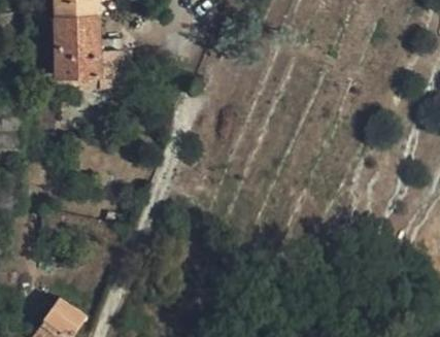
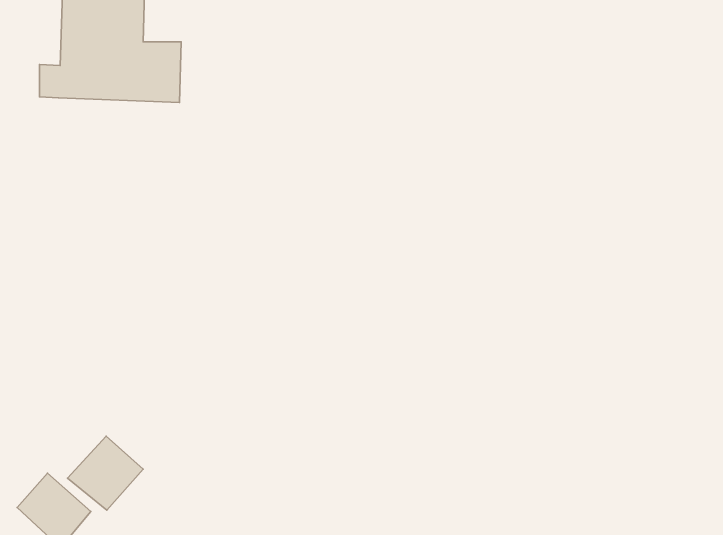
building: none -> [68,436,143,510]

